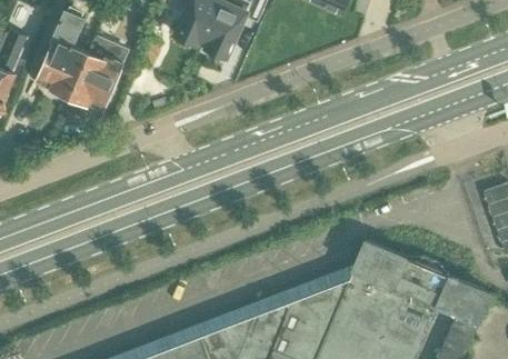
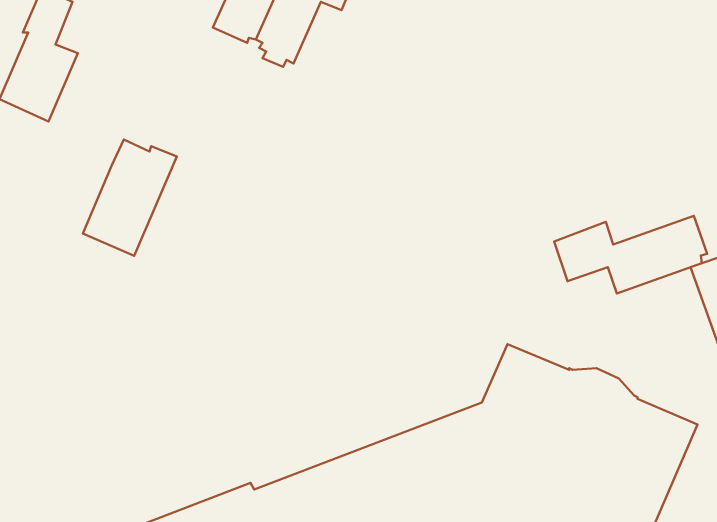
building: [67,34,128,110] -> [83,139,177,256]
building: none -> [554,216,707,293]

